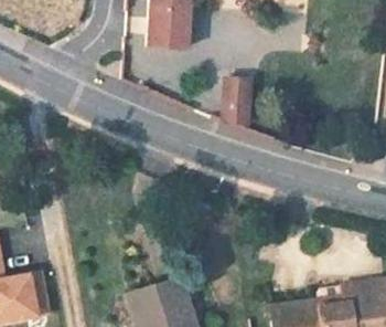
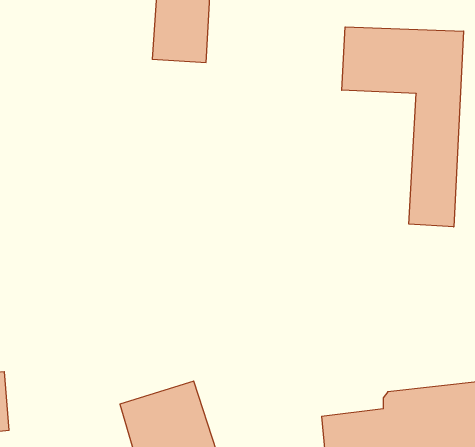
building: none -> [342,27,464,227]
building: [224,78,250,124] -> none

